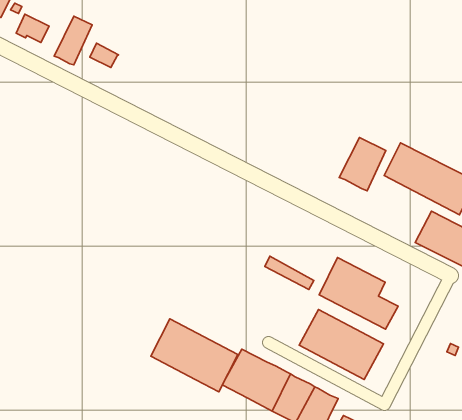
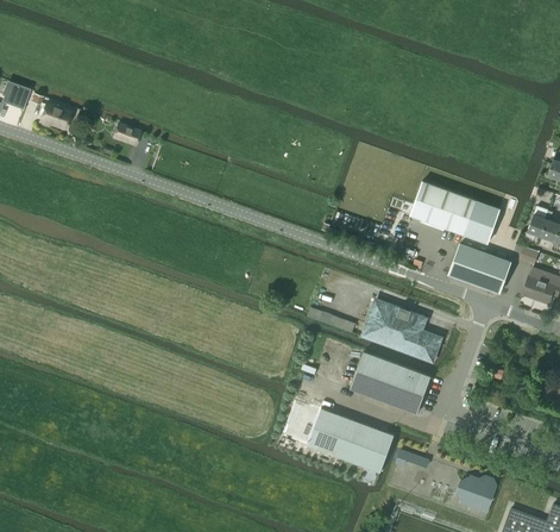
building: [54,16,92,65] -> none
building: [339,137,386,191] -> none
building: [151,319,238,392] -> none

